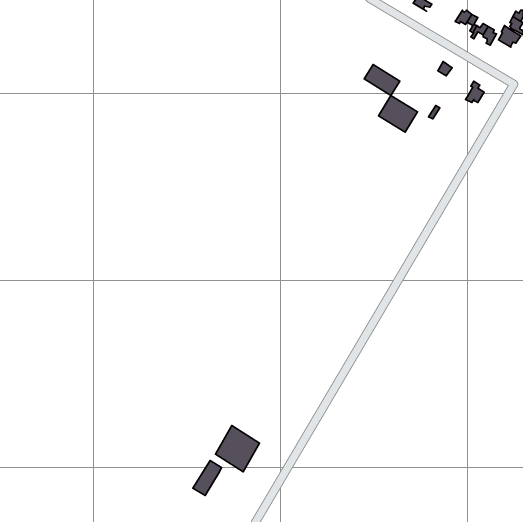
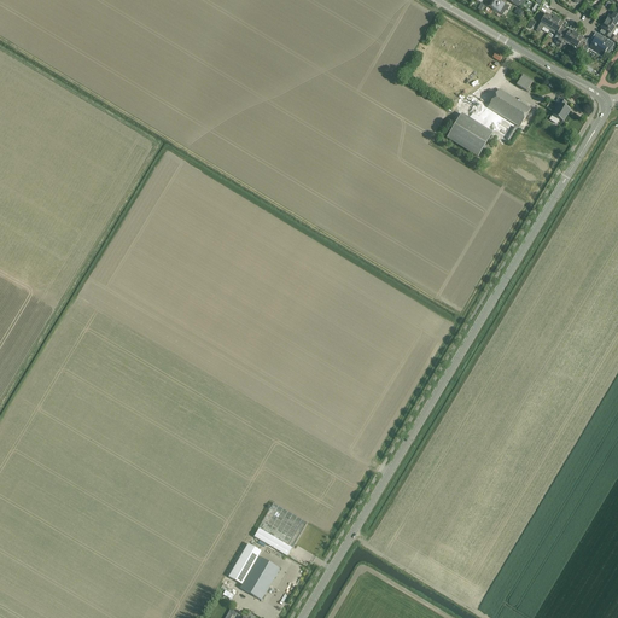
building: [364,65,400,95] -> [486,88,529,124]
building: none -> [239,555,279,599]

